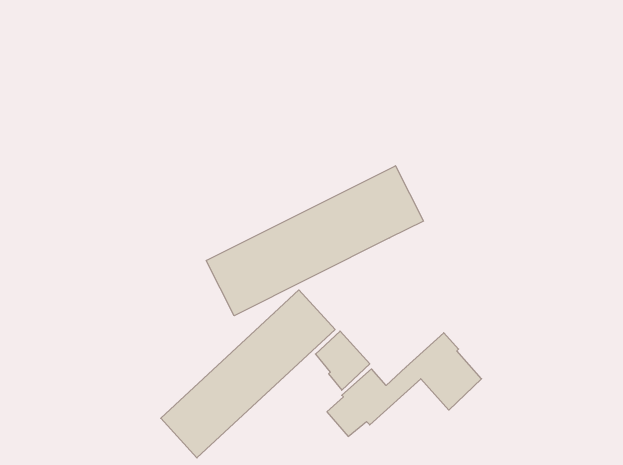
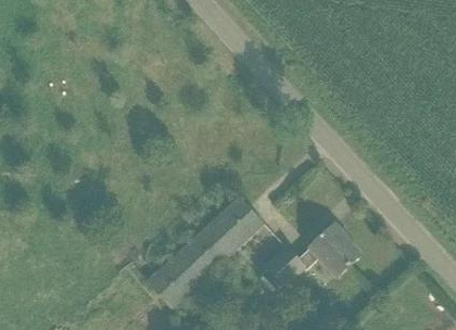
building: [206,166,423,316] -> none

